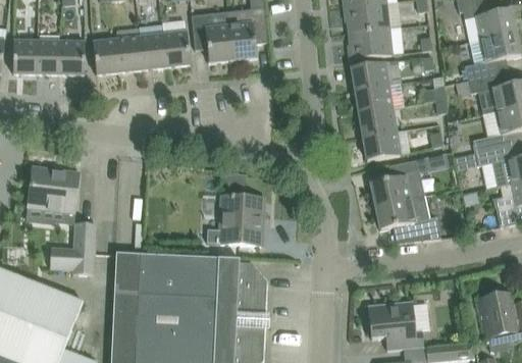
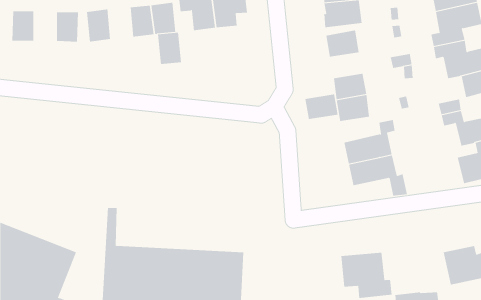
building: [117,37,144,71] -> [157,32,182,65]
building: [38,41,61,73] -> none
building: [356,86,393,113] -> [304,94,338,120]
building: [28,166,81,214] -> none
building: [207,172,264,245] -> none
building: [50,223,96,274] -> none
building: [126,253,265,301] -> none

